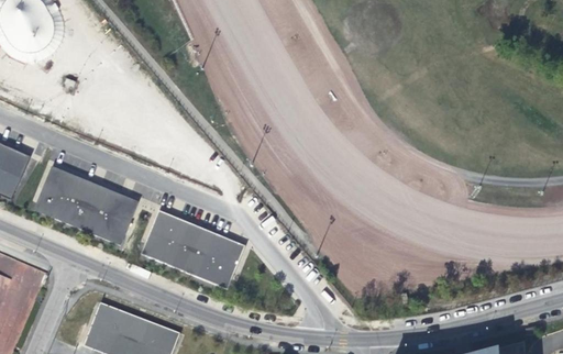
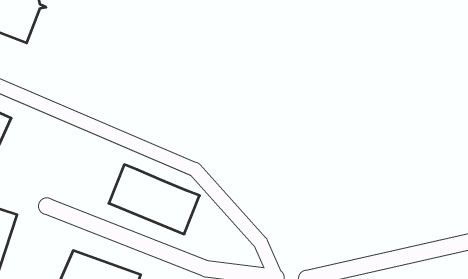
building: [34,166,137,244] -> none

